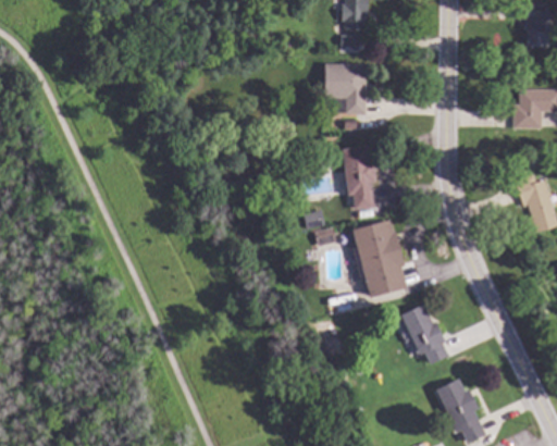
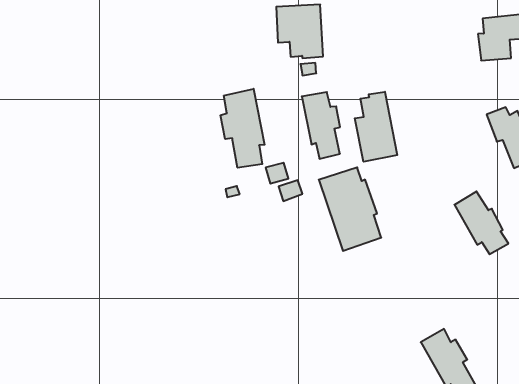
building: none -> [220,89,265,168]
building: none -> [355,92,397,162]
building: [401,305,449,364] -> [454,191,508,254]

